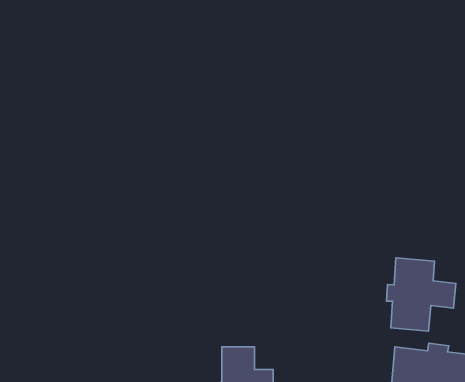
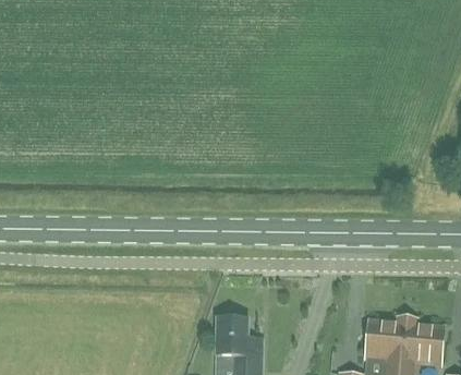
building: [387,258,456,331] -> none

